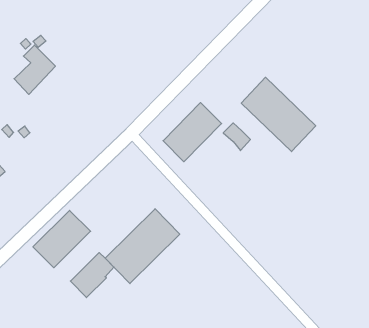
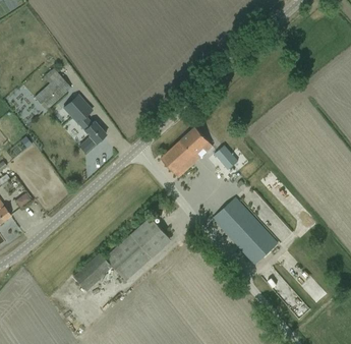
building: none -> [63,96,105,153]
building: [241,77,316,152] -> [213,197,277,264]
building: [33,210,91,268] -> none

